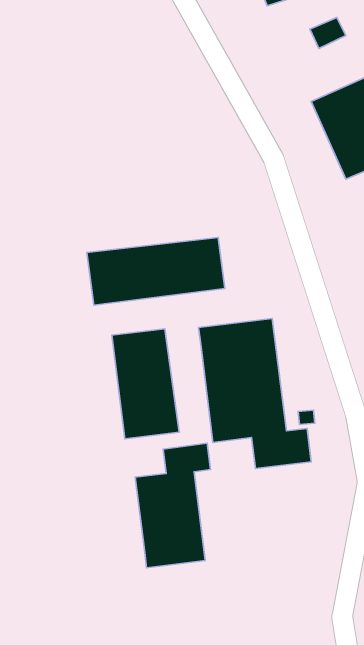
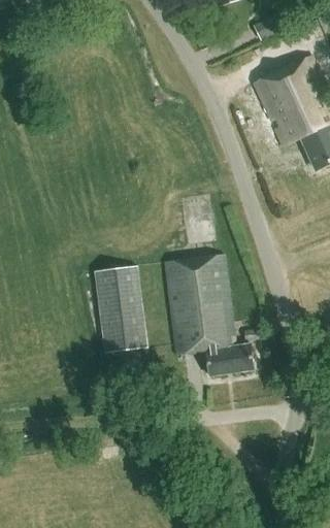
building: [87,237,225,305] -> none
building: [135,443,211,568] -> none

